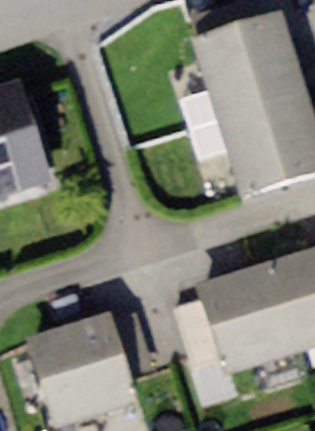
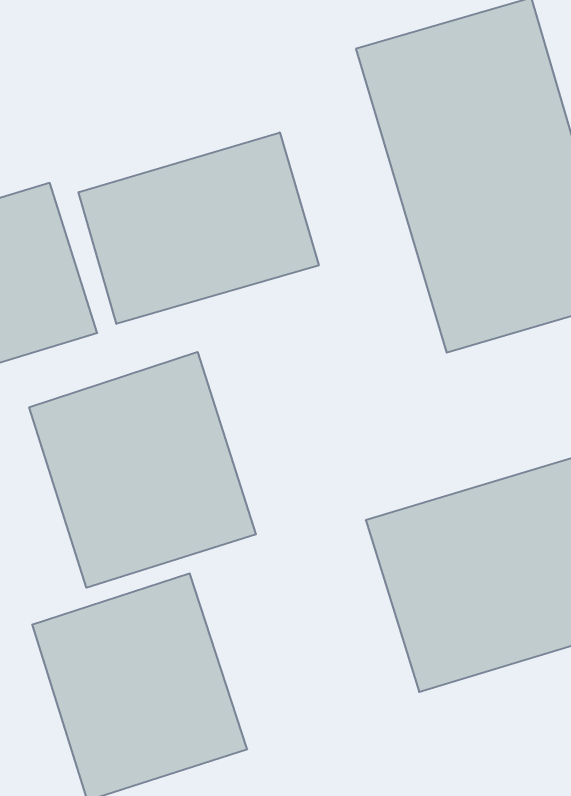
building: none -> [79,132,319,324]
building: none -> [29,352,256,588]

